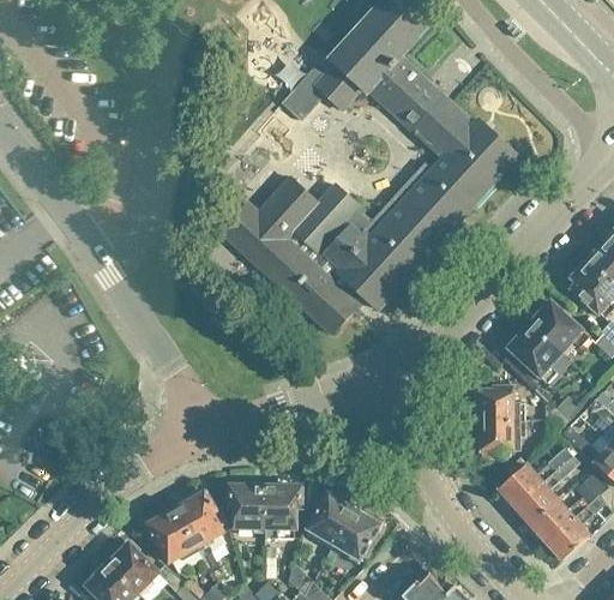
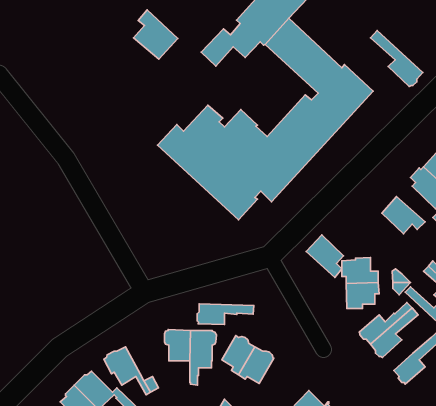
building: none -> [134,10,178,59]
building: none -> [370,30,423,86]
building: [507,324,559,383] -> [306,235,343,277]
building: none -> [197,304,254,324]
building: [530,487,597,541] -> none
building: [175,492,223,546] -> none

